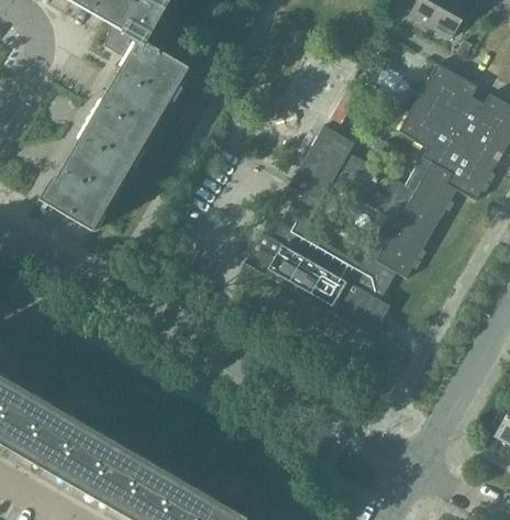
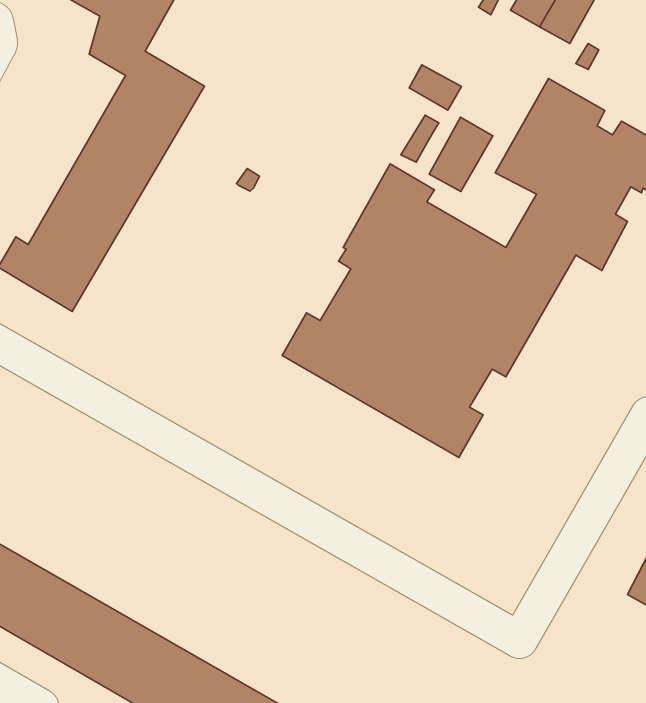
building: none -> [409,65,461,110]
building: none -> [429,117,493,192]

